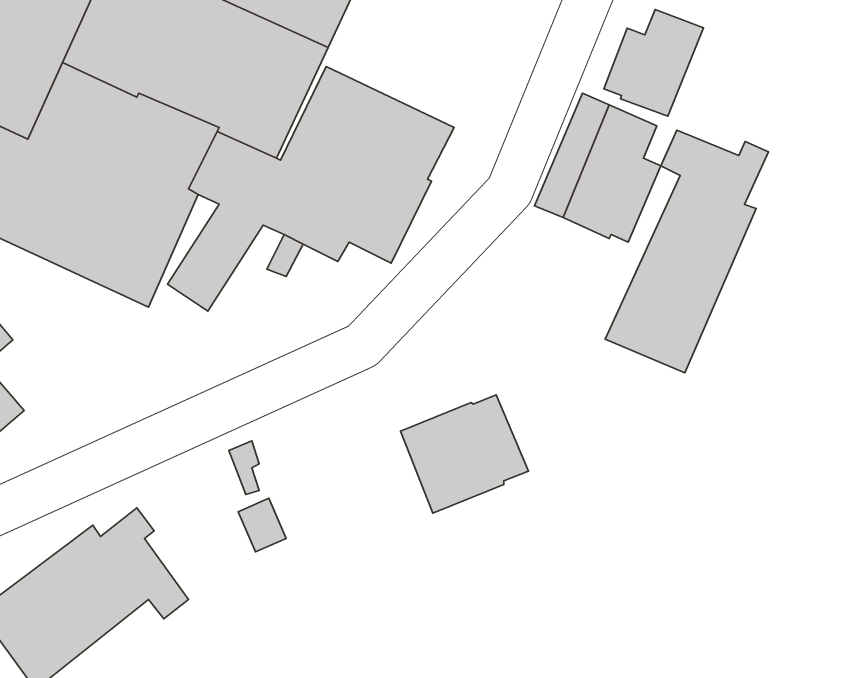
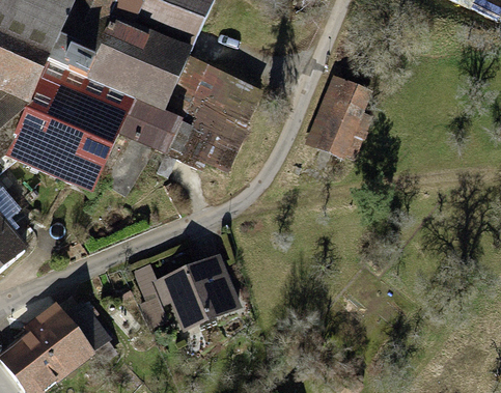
building: [604,9,704,116] -> none
building: [605,130,768,373] -> none
building: [400,395,529,513] -> [168,258,238,322]

